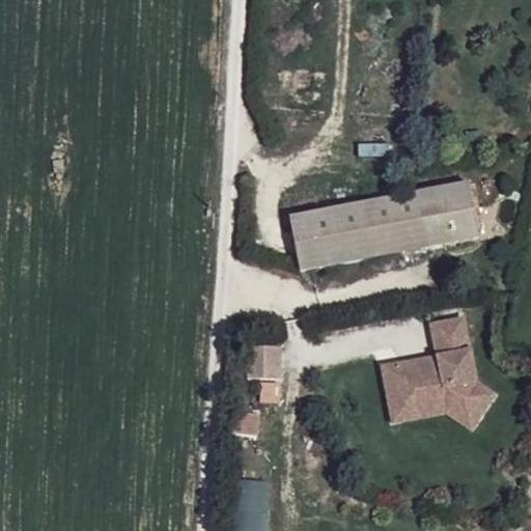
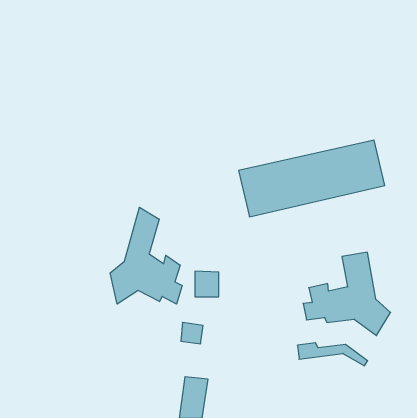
building: none -> [110,207,182,304]
building: [385,399,473,428] -> [297,343,368,366]

